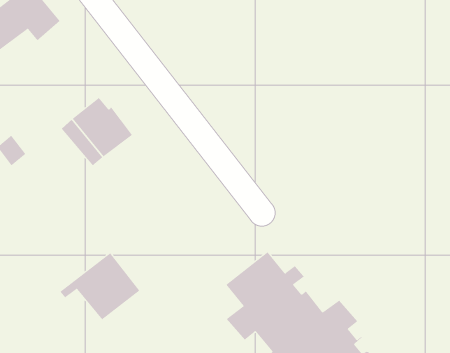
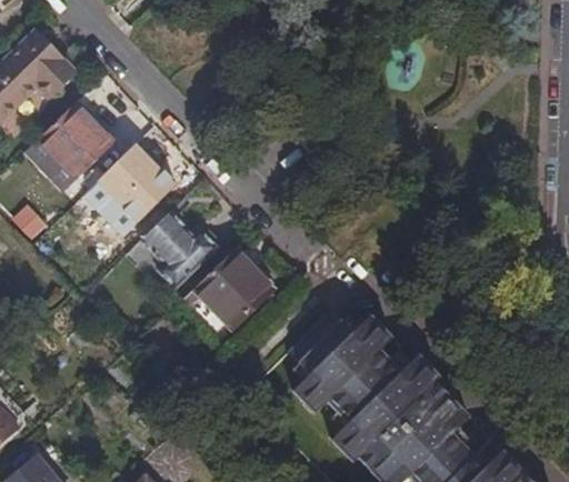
building: none -> [24,102,116,192]
building: none -> [142,212,217,287]
building: [60,252,140,320] -> [184,249,276,327]

